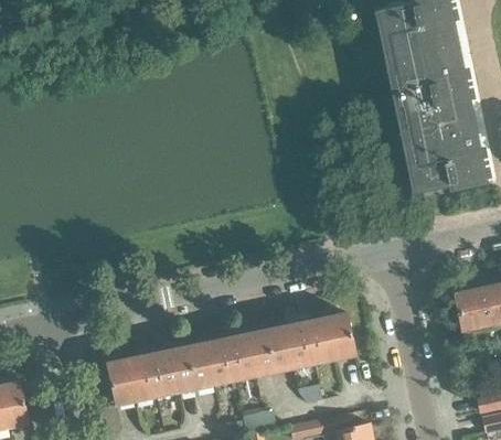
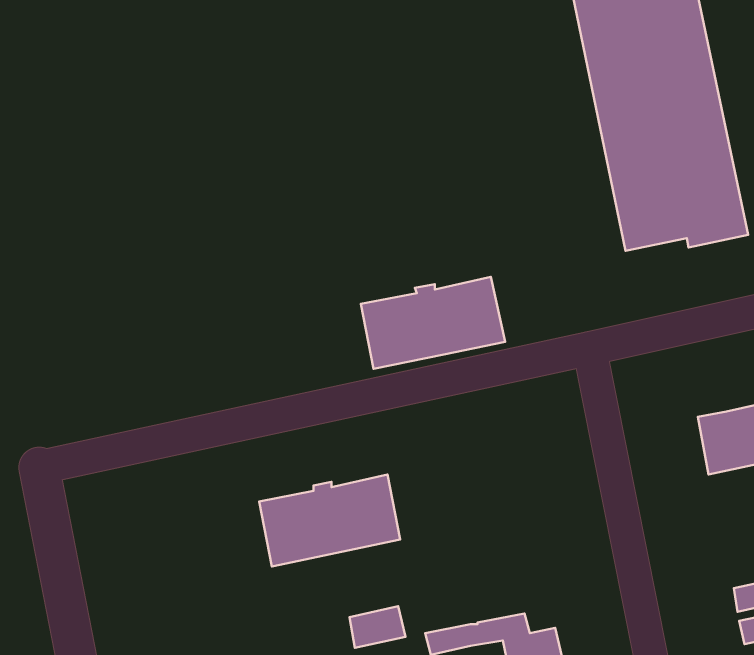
building: [267,312,355,368] -> [361,277,505,369]
building: [108,345,196,401] -> none

